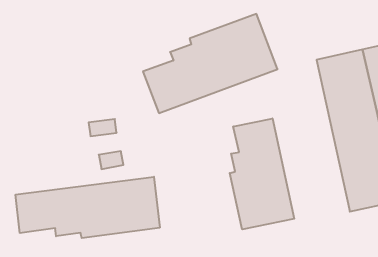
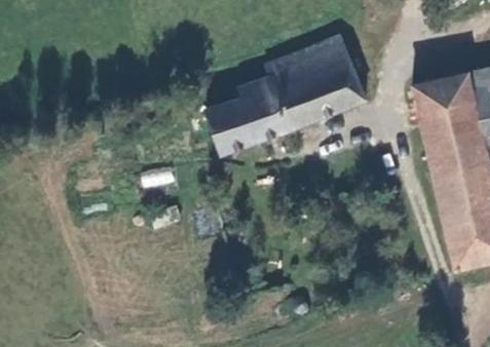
building: [230,118,294,229] -> none
building: [16,177,160,238] -> none

